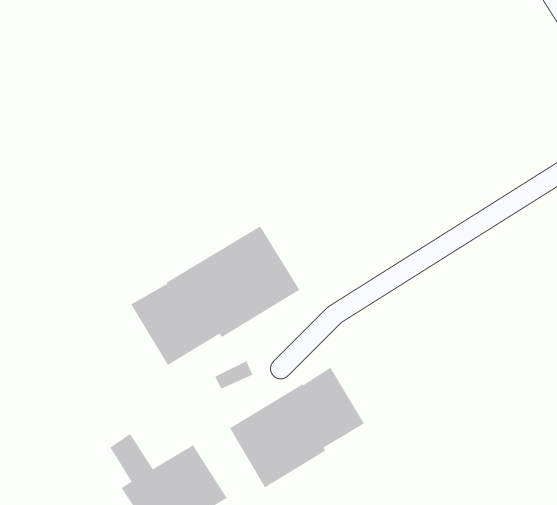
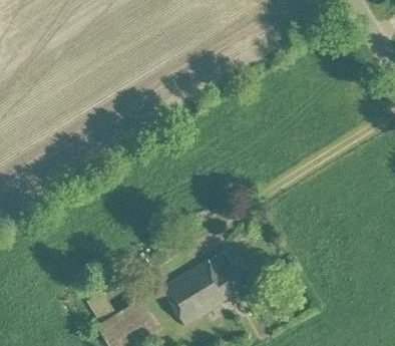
building: [130,226,300,366] -> none

